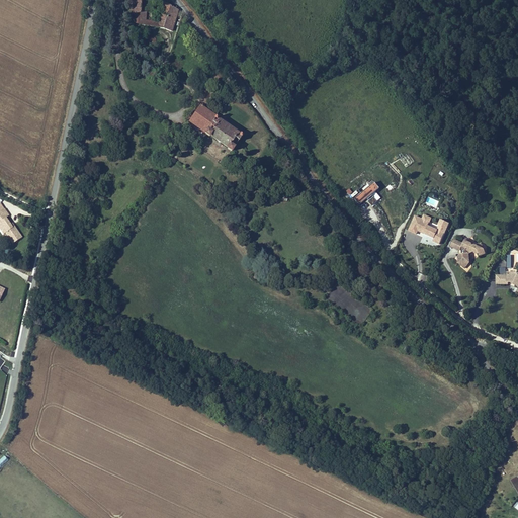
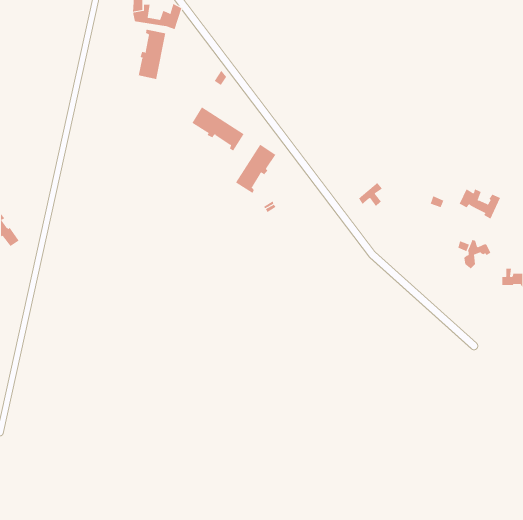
building: none -> [138,29,166,80]
building: none -> [235,144,276,194]
building: [408,212,449,243] -> [459,189,501,219]

